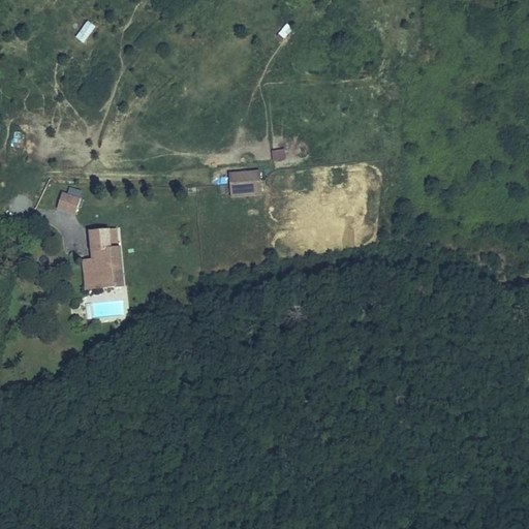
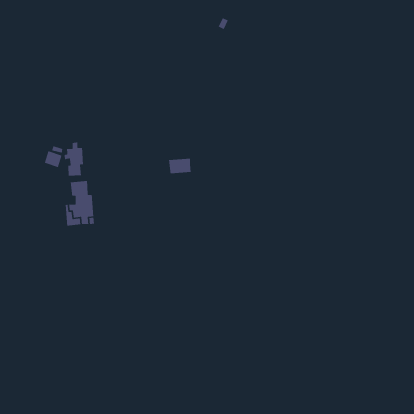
building: [229,172,259,192] -> [168,158,192,174]
building: none -> [64,142,84,177]

